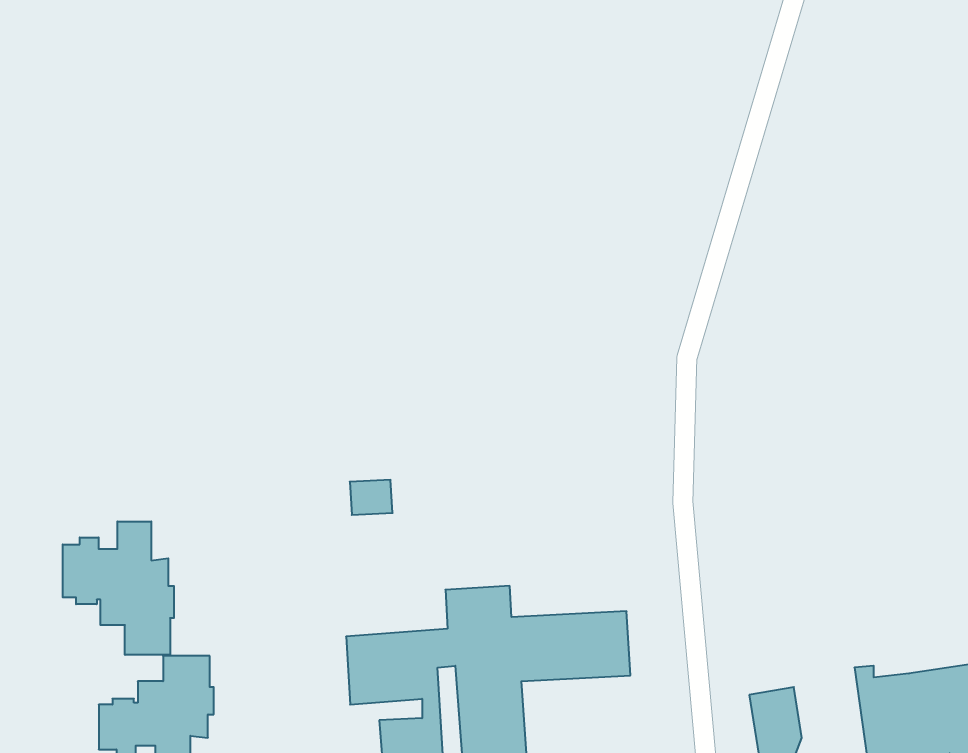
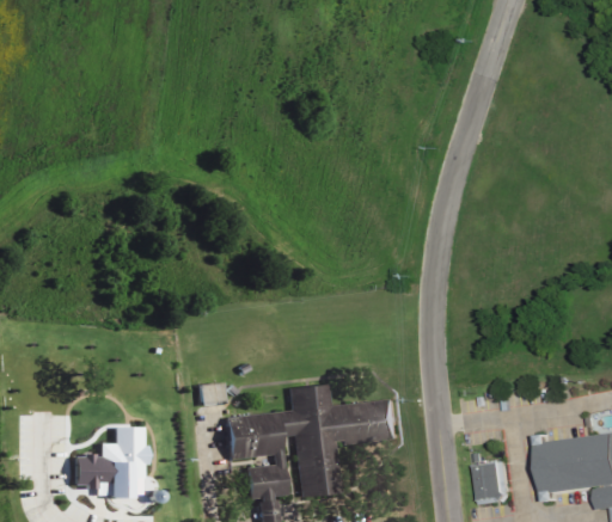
building: [350,480,393,515] -> [200,383,226,405]
building: [63,521,174,655] -> none

